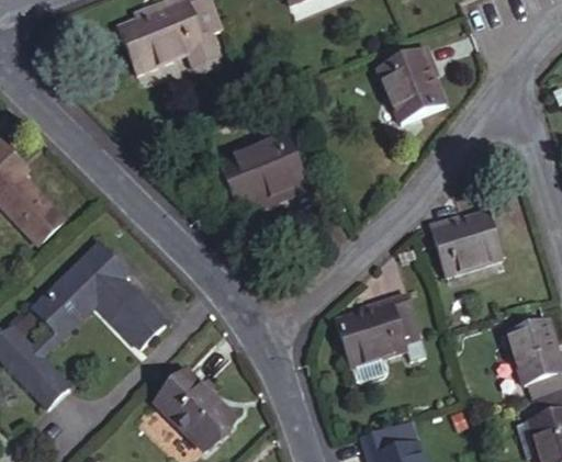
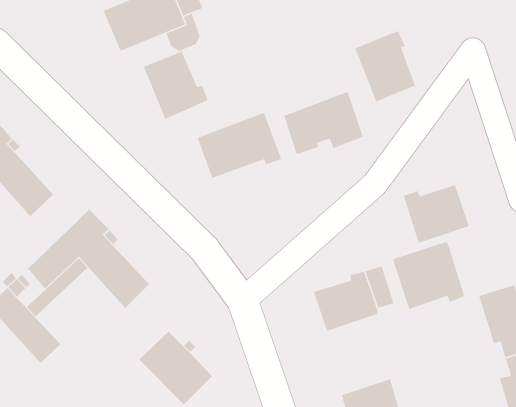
building: none -> [143,50,209,120]
building: none -> [283,91,364,155]
building: none -> [392,241,465,310]

